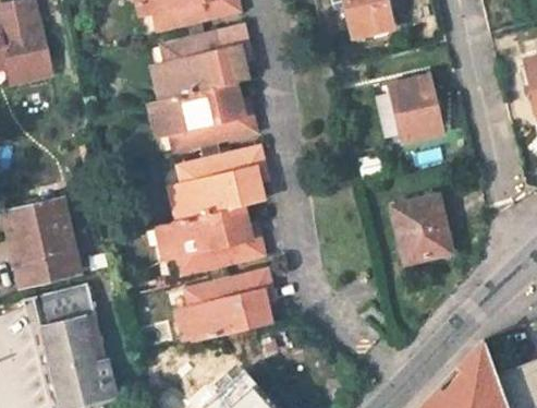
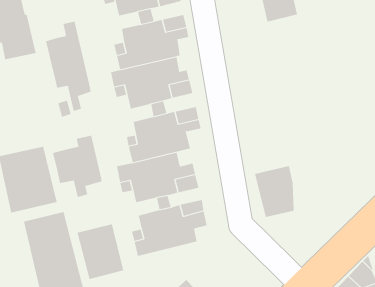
building: none -> [46,21,91,112]
building: [390,75,444,144] -> none
building: none -> [52,135,102,198]
building: [392,195,444,263] -> [254,165,294,217]
building: none -> [77,223,124,280]

